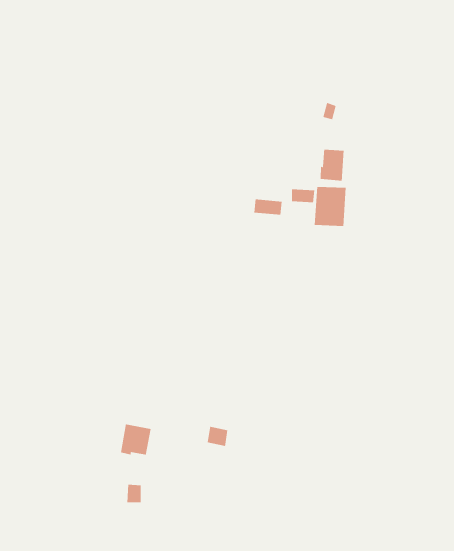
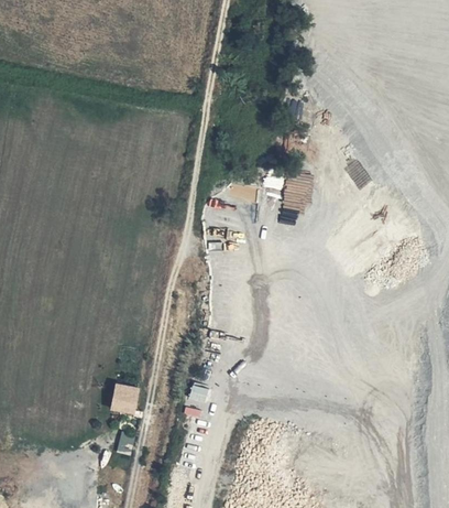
building: [320,149,344,181] -> none

